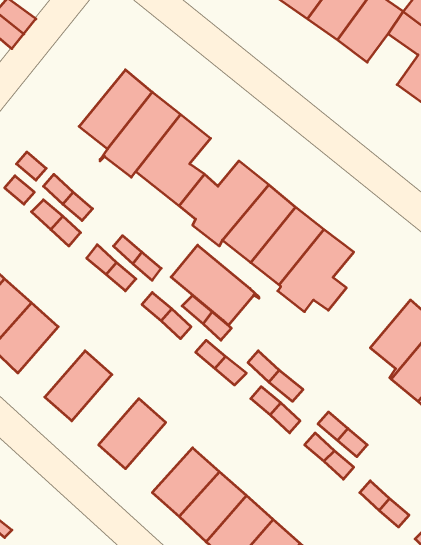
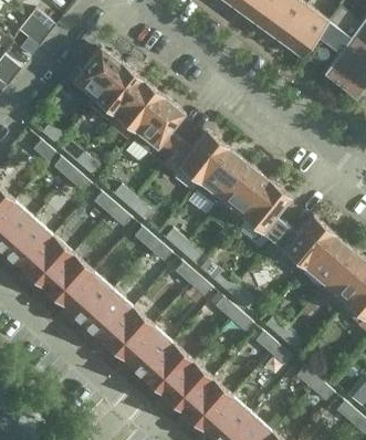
building: none -> [62,46,124,105]
building: [171,245,259,325] -> none
building: none -> [274,216,335,269]
building: none -> [44,253,94,305]
building: none -> [84,289,134,341]
building: none -> [124,324,174,376]

